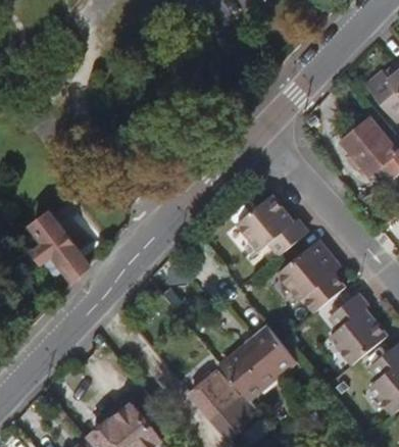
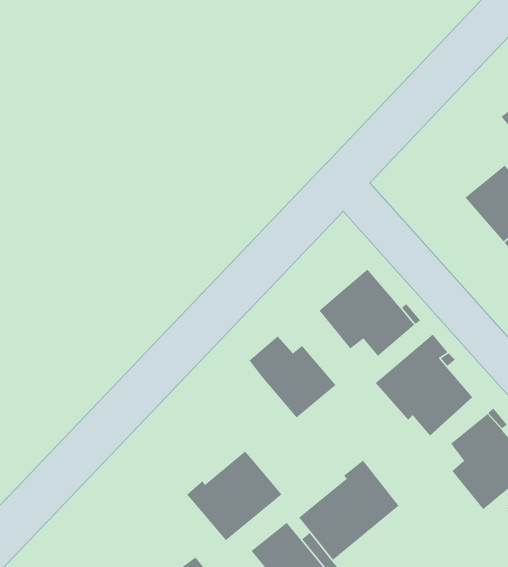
building: [20,218,89,282] -> none
building: none -> [248,335,337,419]
building: none -> [186,450,282,541]

